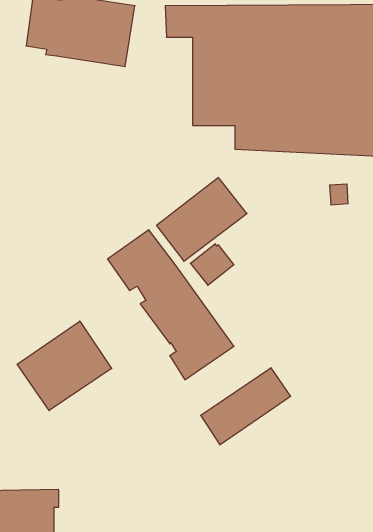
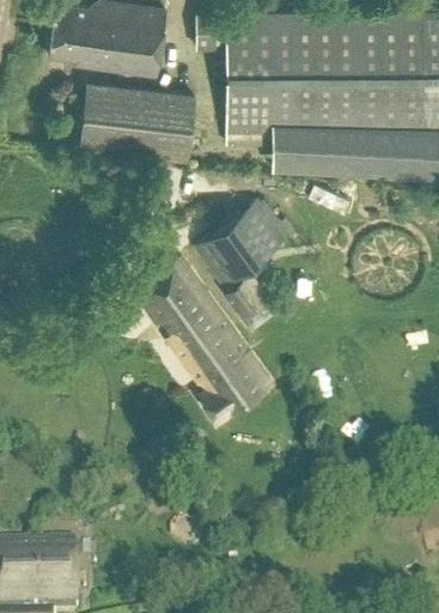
building: none -> [79,83,196,162]
building: [17,321,112,411] -> none
building: [201,368,291,445] -> none

